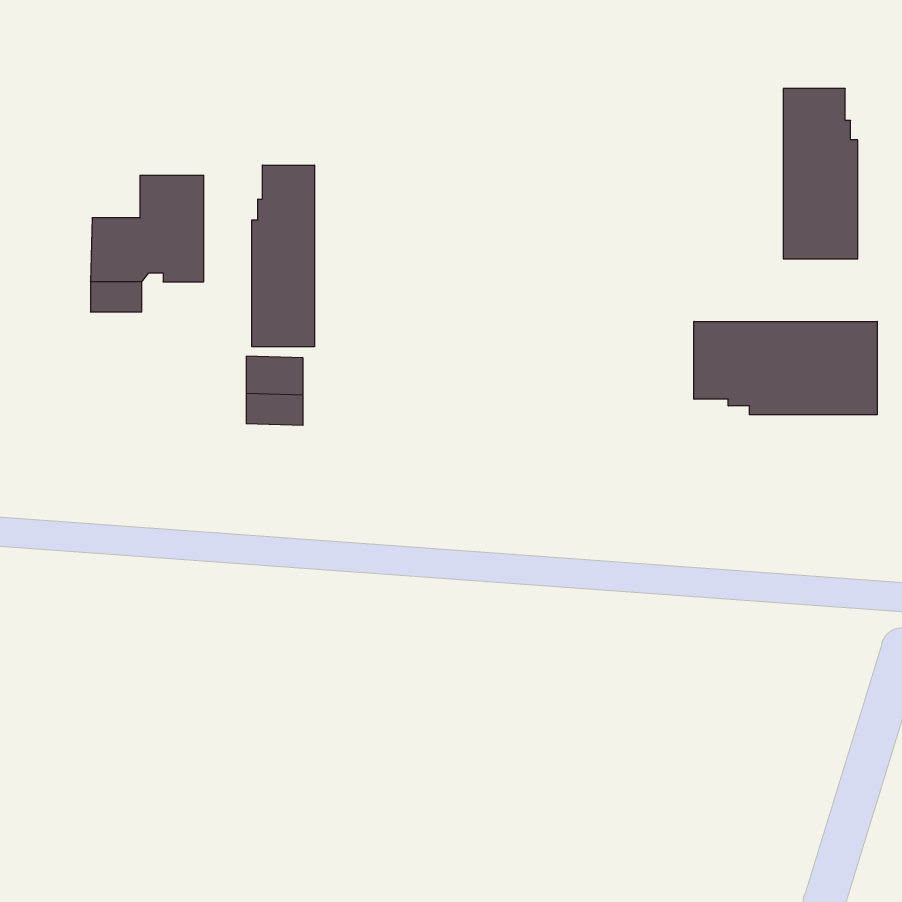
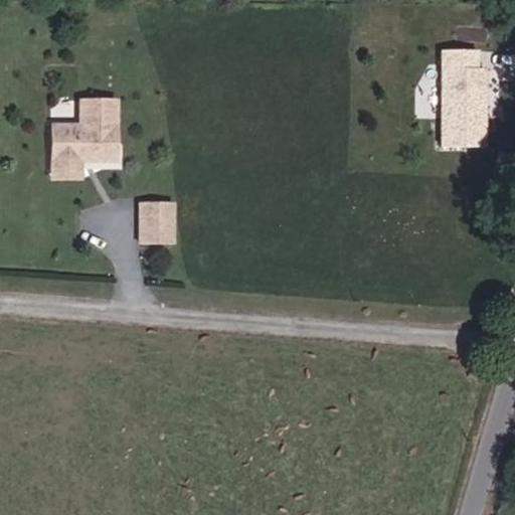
building: [252,165,314,347] -> none
building: [694,321,877,415] -> none

